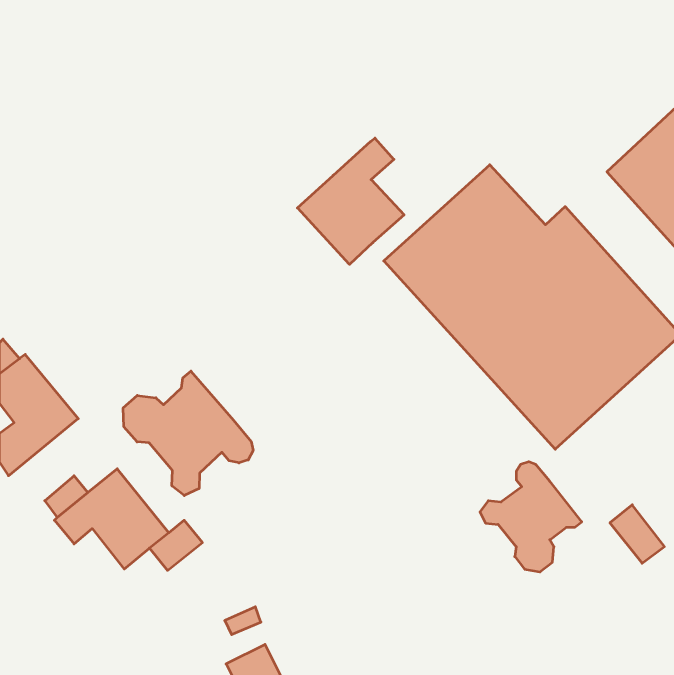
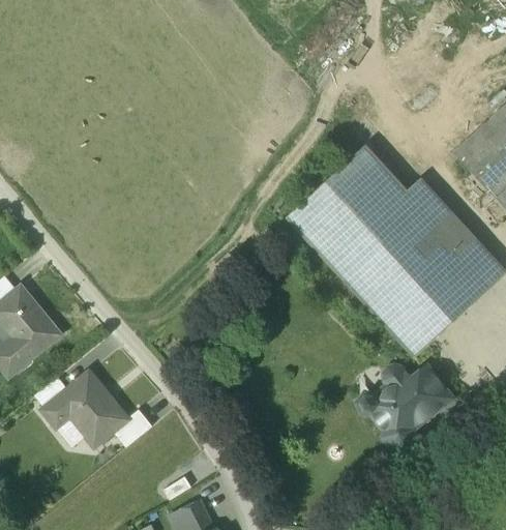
building: [297,138,404,264] -> none
building: [123,371,253,496] -> none
building: [610,505,664,563] -> [411,367,451,411]

